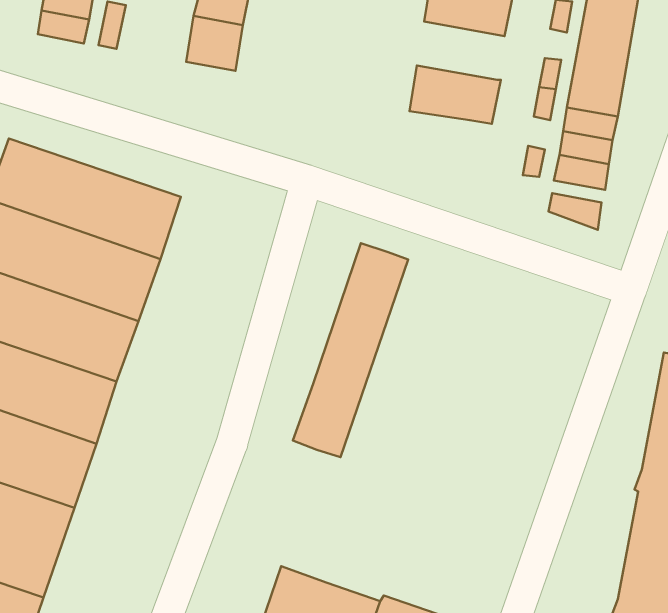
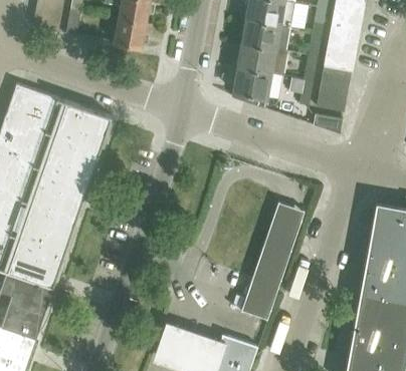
building: none -> [241,21,289,53]
building: none -> [232,70,270,109]
building: [293,243,408,457] -> [241,203,304,320]

